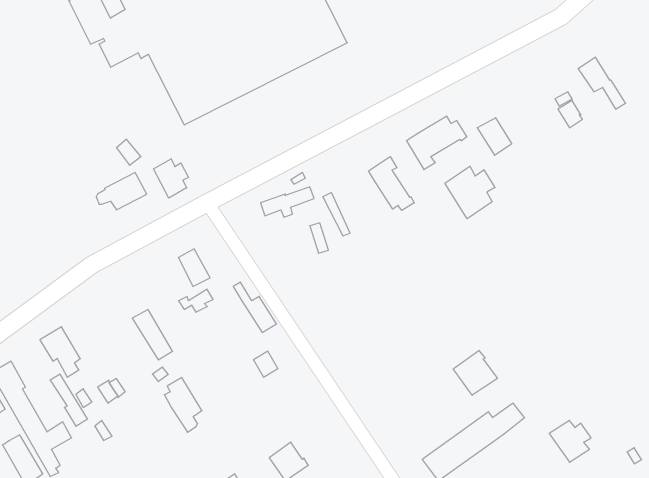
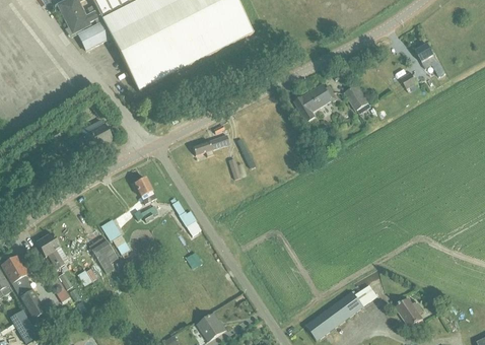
building: [368,157,414,210] -> none
building: [154,159,188,198] -> none
building: [445,166,495,219] -> none
building: [453,350,497,395] -> none
building: [164,377,202,432] -> [91,235,118,274]

